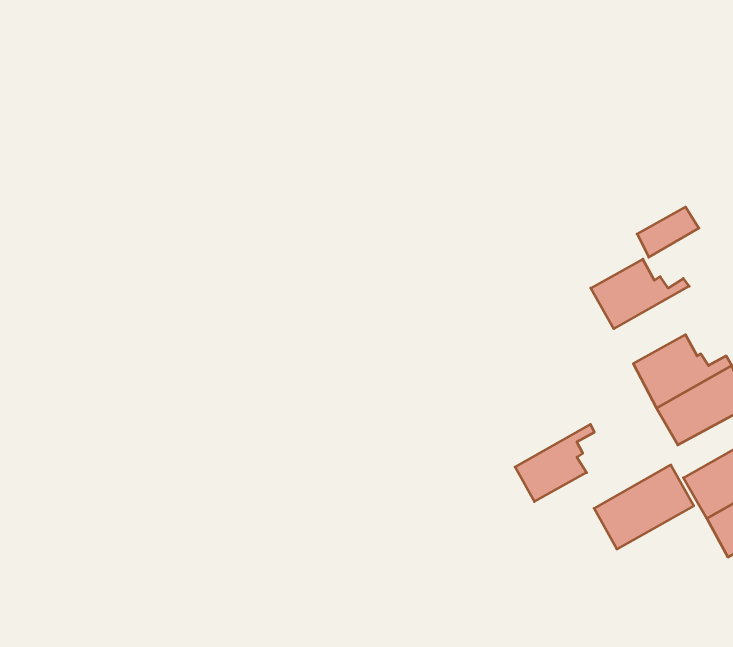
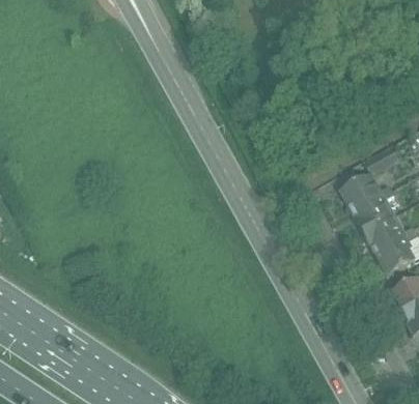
building: [515,424,594,502] -> [352,191,394,232]
building: [594,465,694,549] -> none

